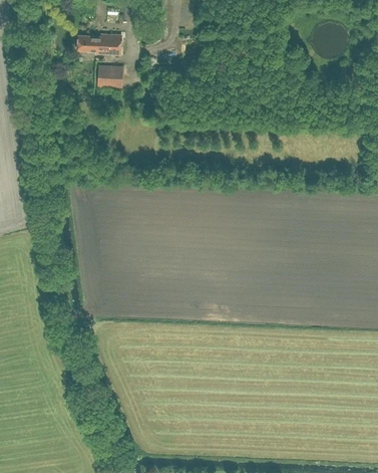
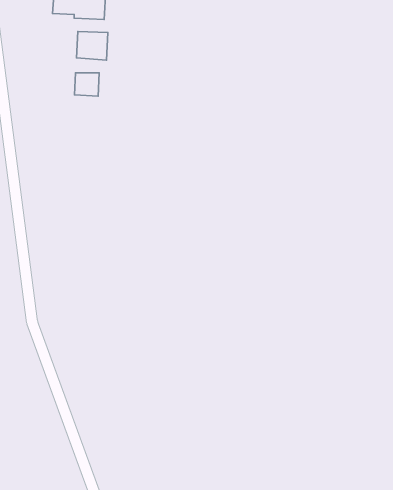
building: none -> [74,73,99,96]

